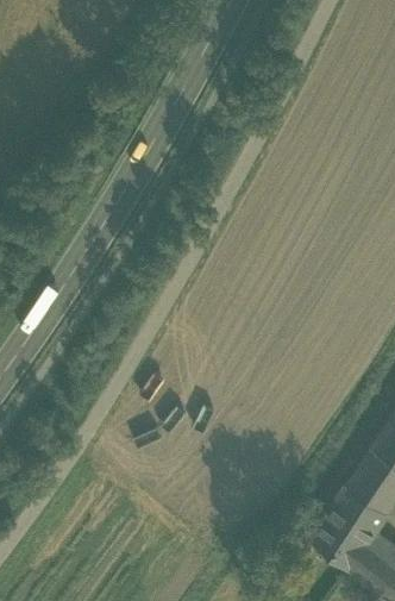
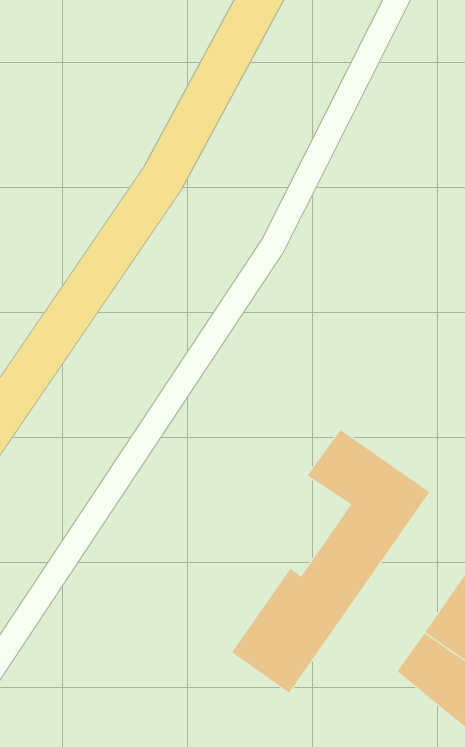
building: none -> [231,429,430,693]

